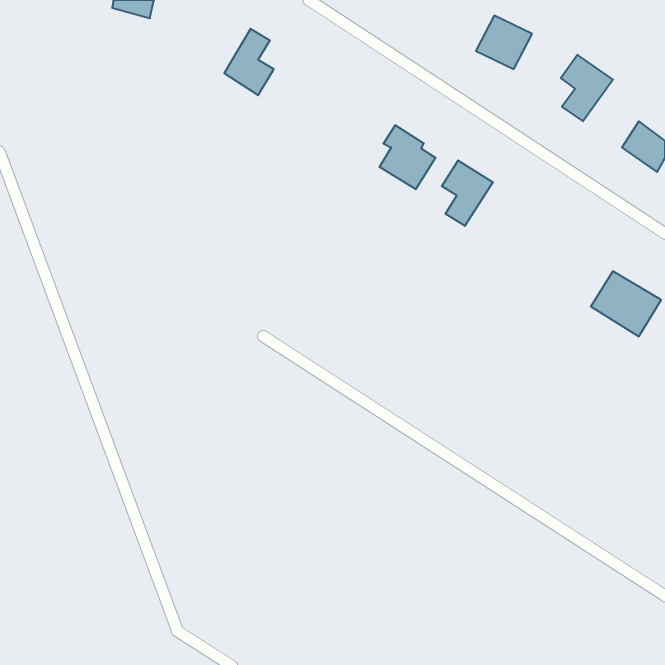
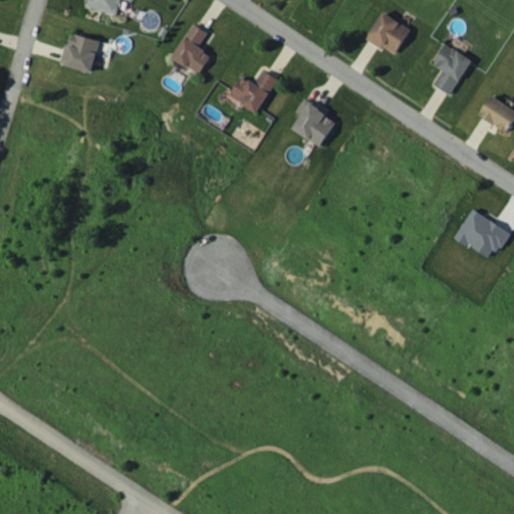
building: none -> [60,34,99,71]
building: none -> [229,70,277,112]
building: [442,160,493,226] -> none

